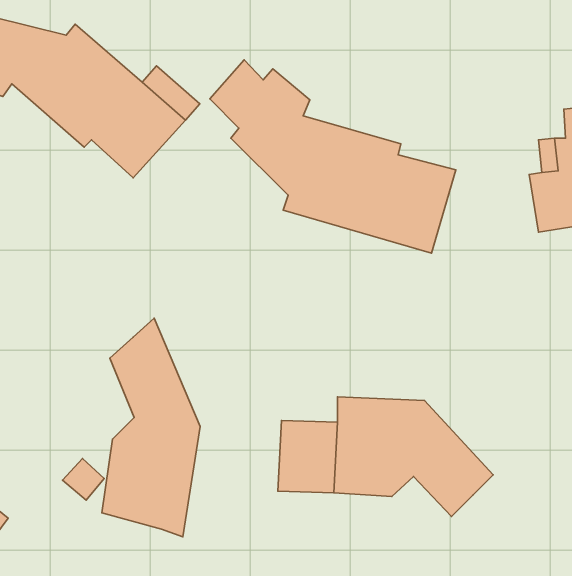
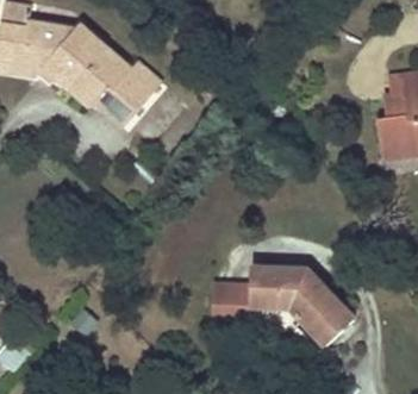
building: [210,60,456,253] -> none
building: [102,318,200,537] -> none

